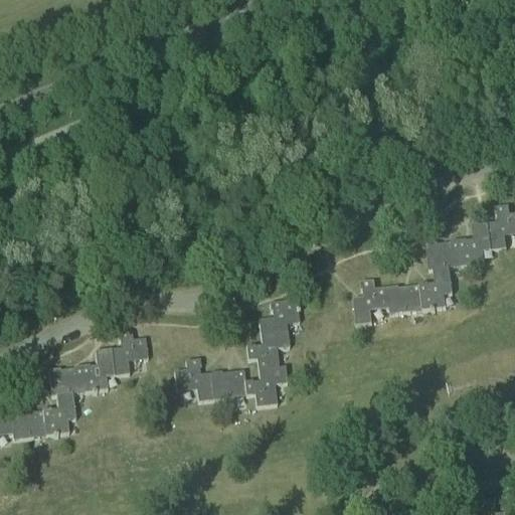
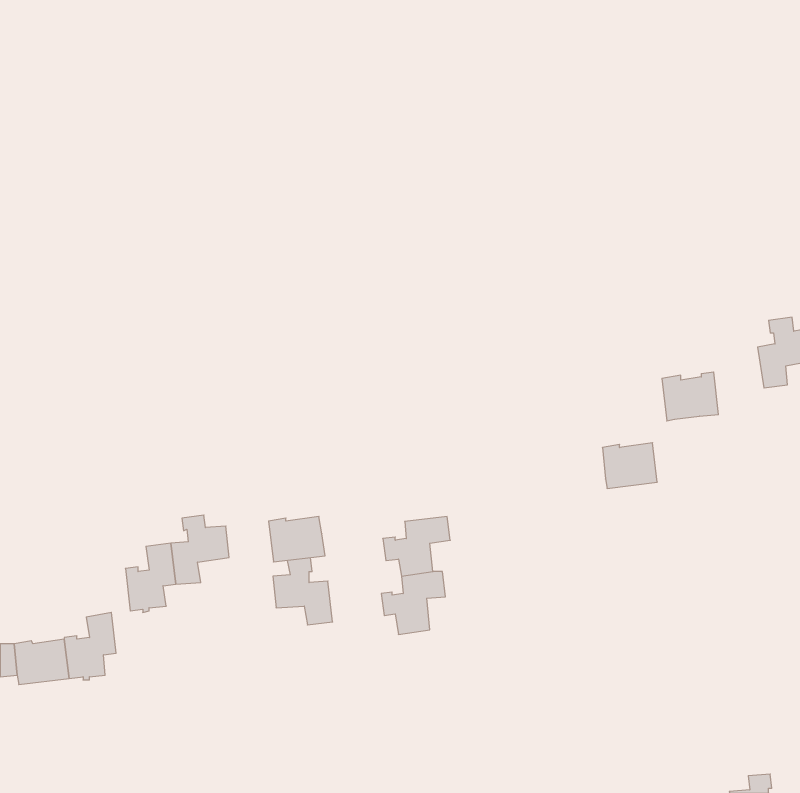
building: [459,222,491,266] -> none
building: [419,267,453,310] -> none
building: [352,279,389,324] -> none
building: [259,298,299,334] -> none
building: [48,364,84,395] -> none
building: [211,369,247,398] -> [269,516,325,562]

